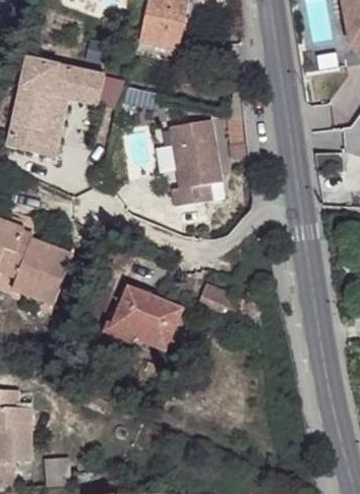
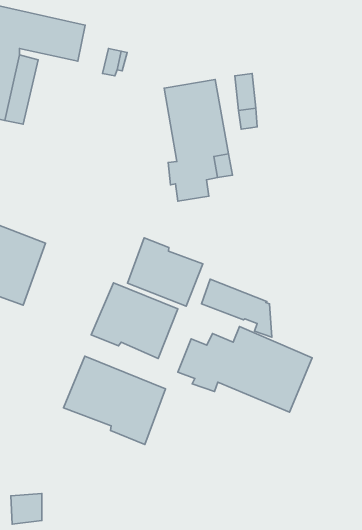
building: none -> [128,238,203,306]
building: none -> [178,326,312,412]
building: none -> [64,356,166,444]

